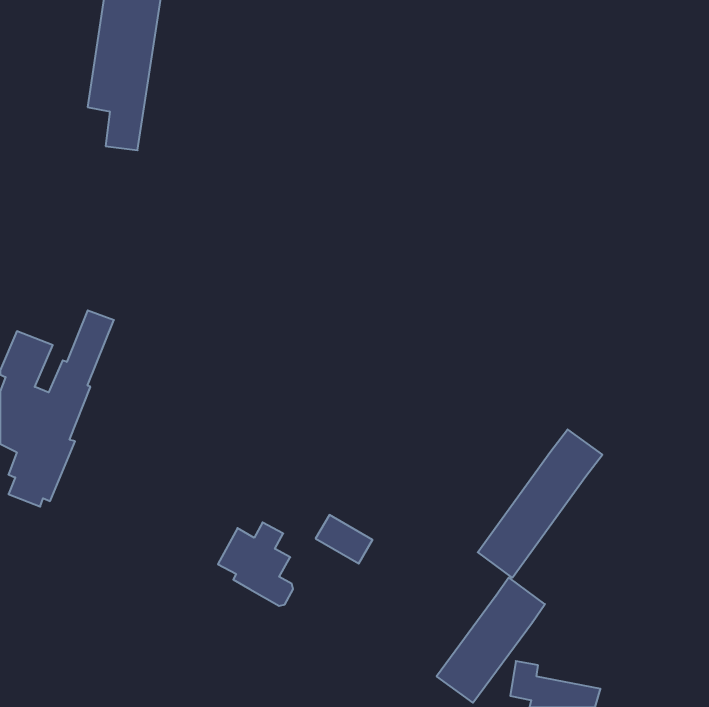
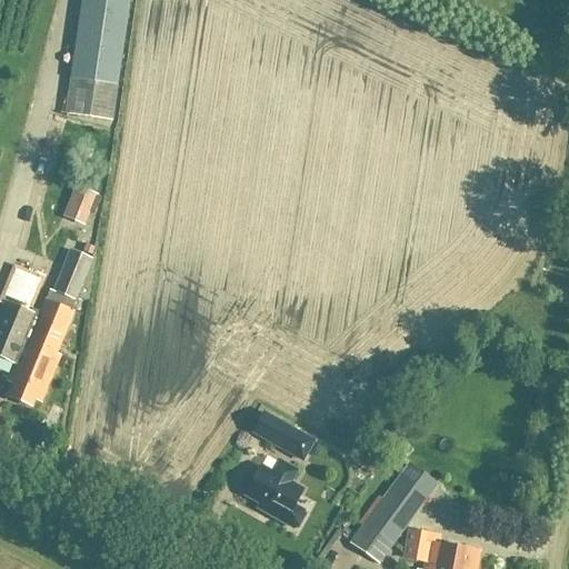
building: none -> [67,187,100,219]
building: [478,429,602,578] -> none
building: [218,522,293,606] -> [246,460,306,527]

